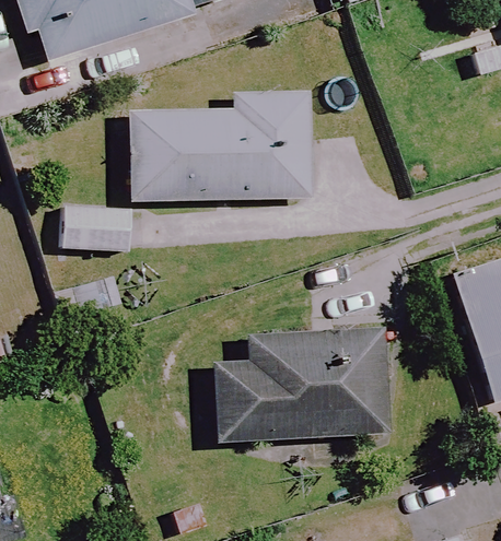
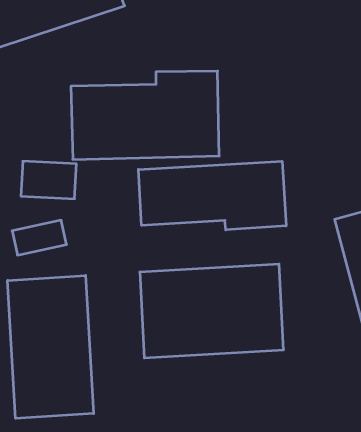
building: none -> [138,161,286,230]
building: none -> [8,275,94,418]

